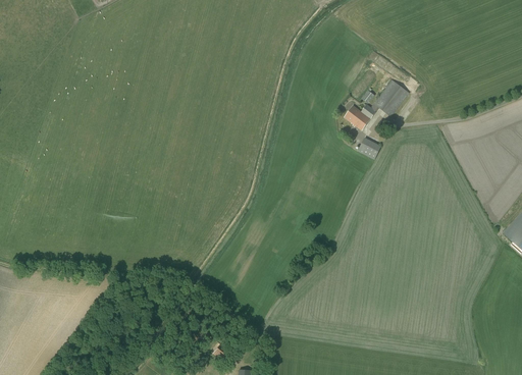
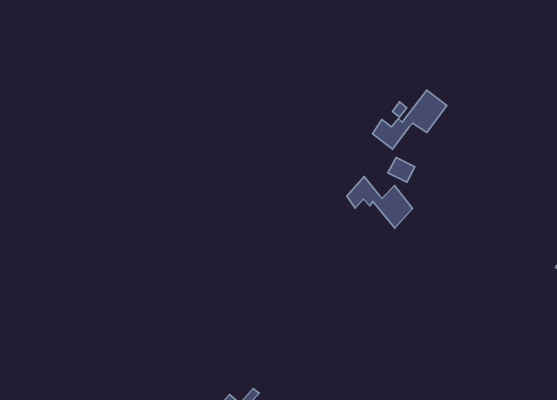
building: none -> [347,176,412,228]

